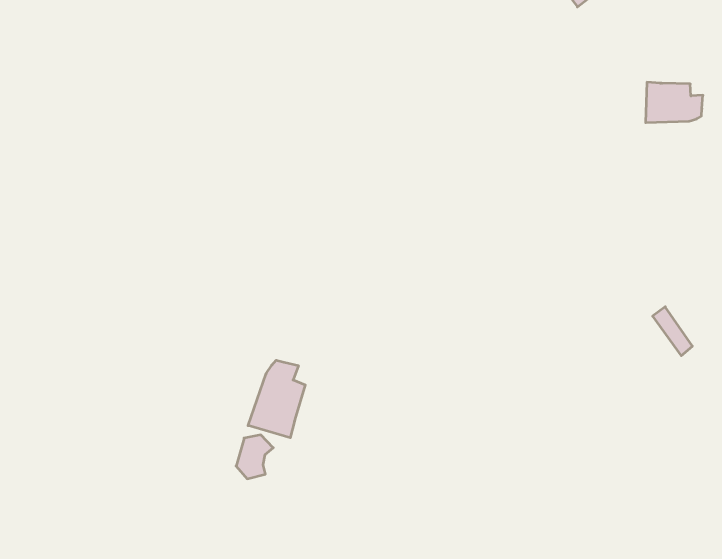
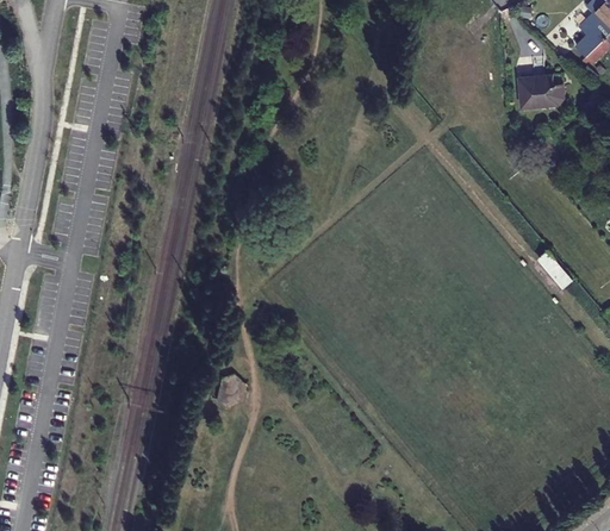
building: [248,360,305,438] -> none

